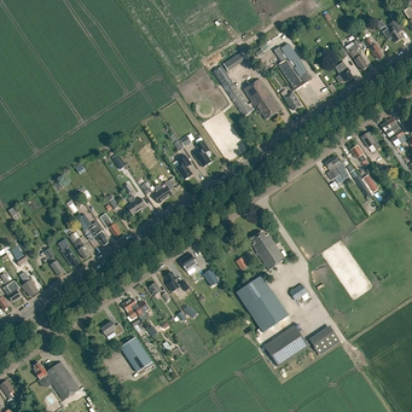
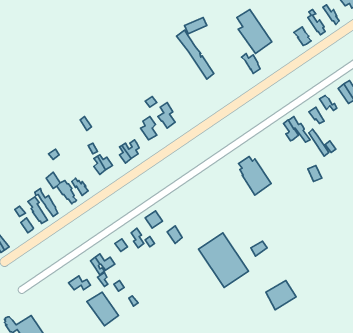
building: [243,79,280,120] -> none
building: [251,231,285,271] -> [239,157,271,195]
building: [263,324,308,366] -> none

